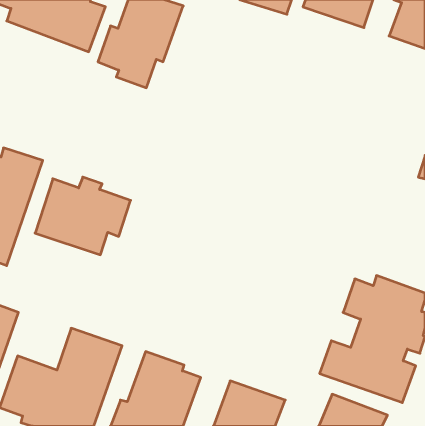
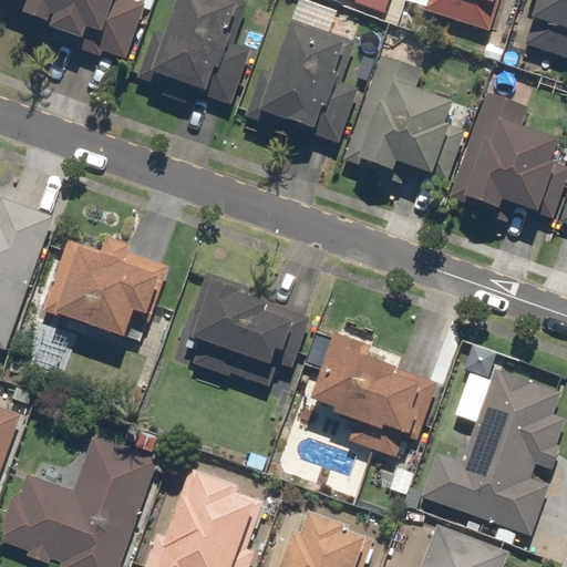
building: none -> [236,23,349,151]
building: none -> [336,59,449,185]
building: none -> [443,99,554,226]
building: none -> [183,272,315,394]
building: none -> [306,330,443,457]

